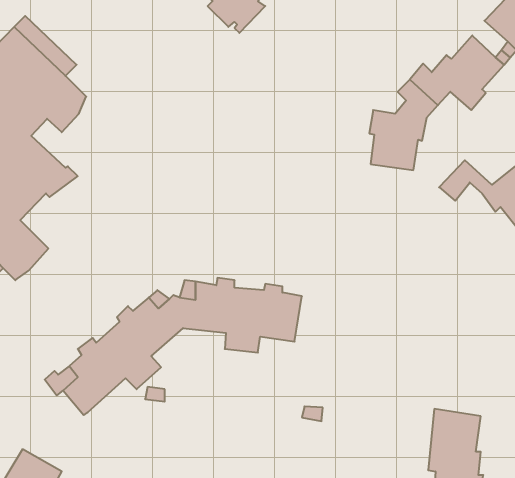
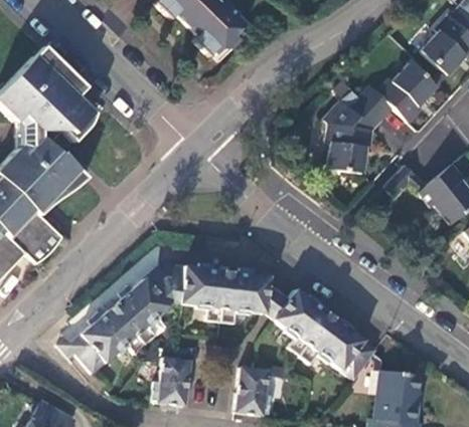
building: none -> [273,287,377,379]
building: none -> [152,357,189,405]
building: none -> [236,366,271,414]

